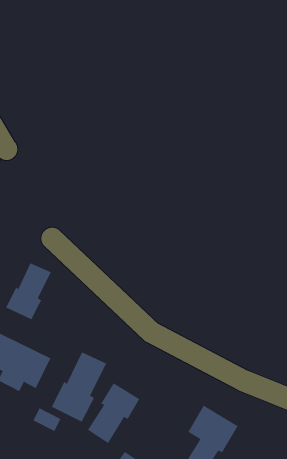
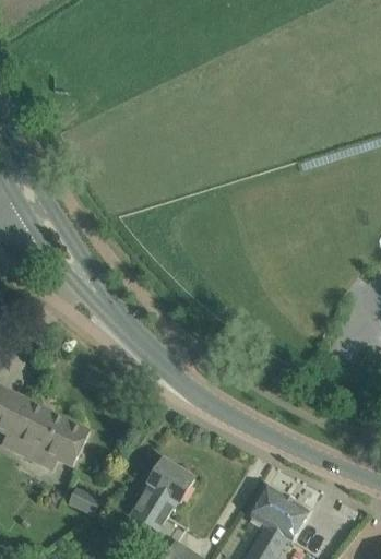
building: [6,262,51,320] -> none
building: [51,352,107,422] -> none

